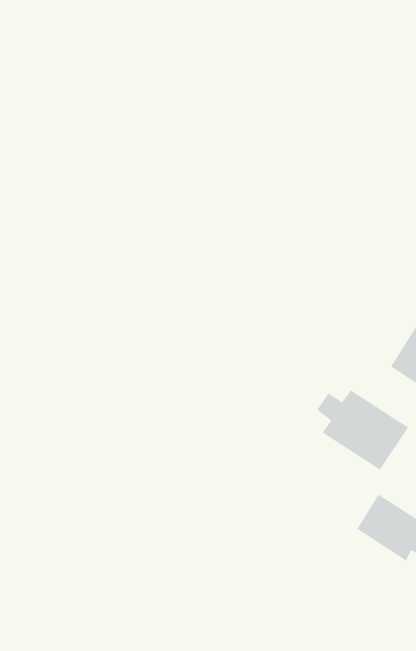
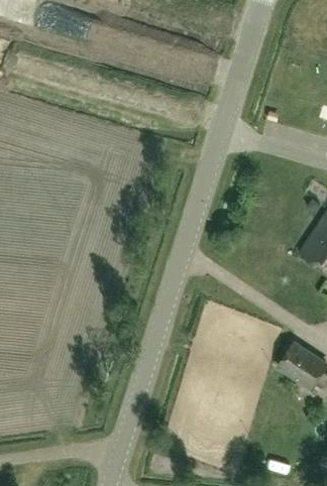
building: [316,390,409,470] -> none

